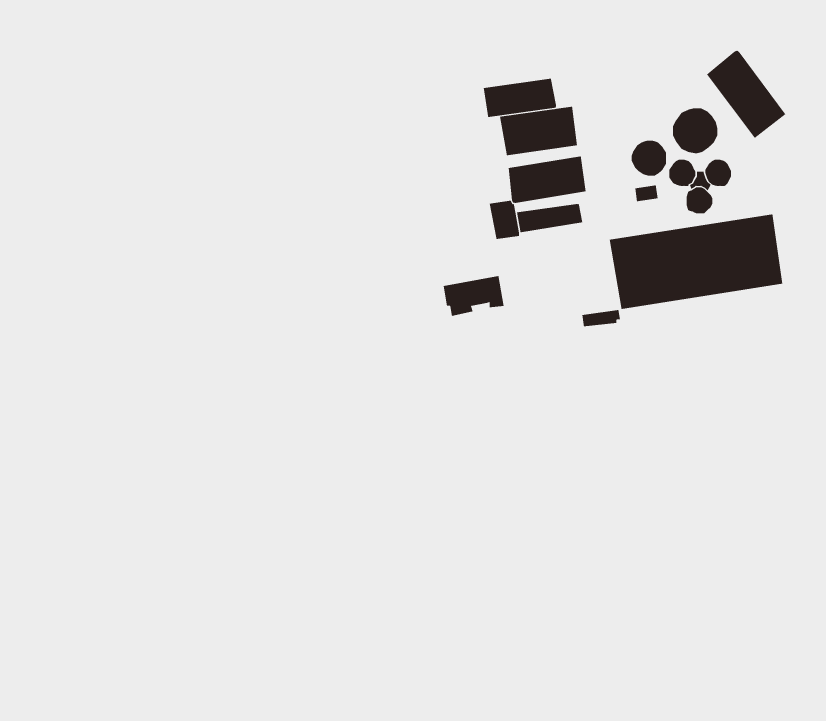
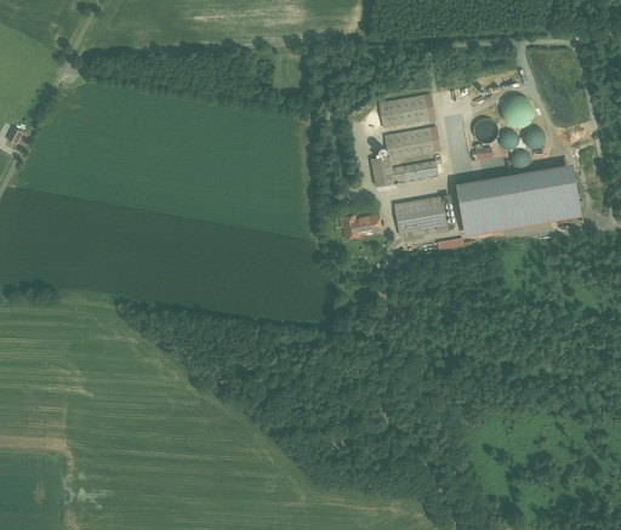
building: [706,50,786,139] -> none
building: [483,78,557,118] -> none
building: none -> [393,195,446,233]

